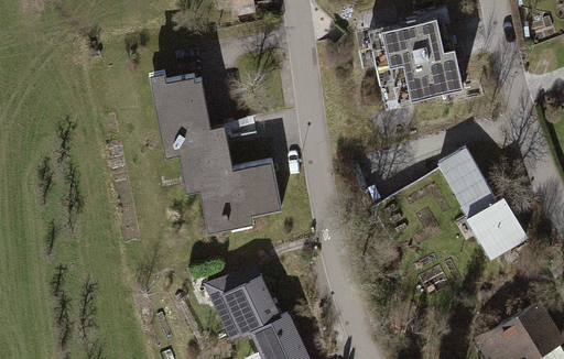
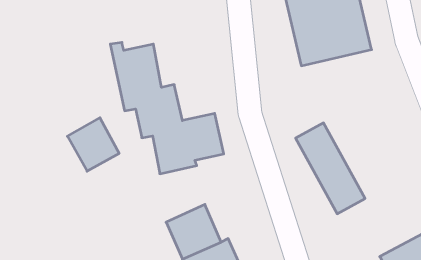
building: [435,150,520,261] -> [296,123,365,214]
building: none -> [67,118,119,171]

